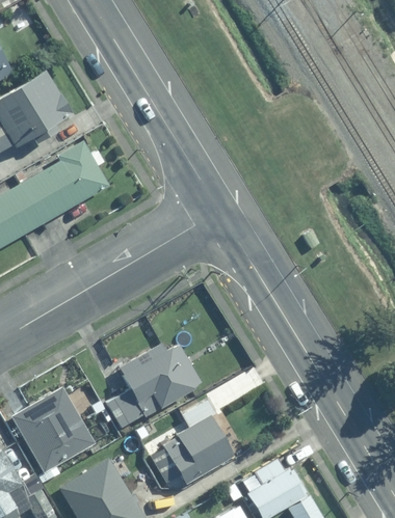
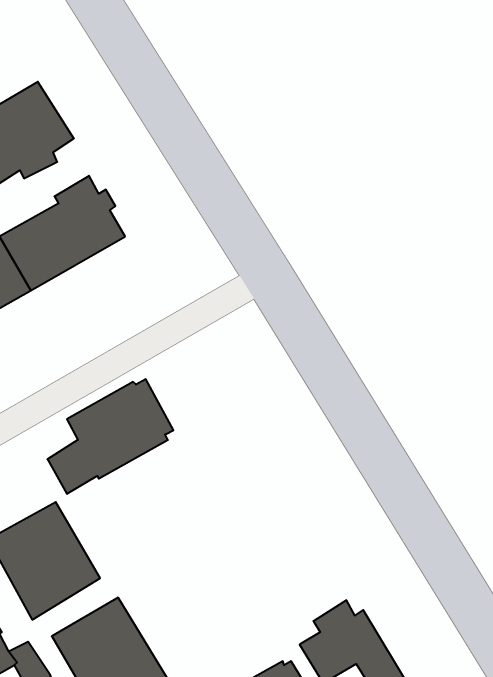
building: [105,342,200,428] -> [47,379,173,494]
building: [148,399,232,482] -> none

